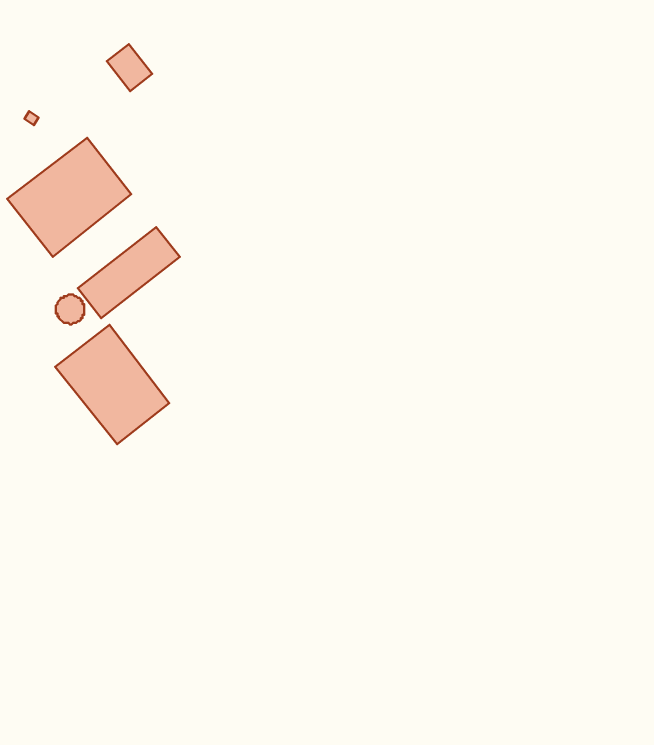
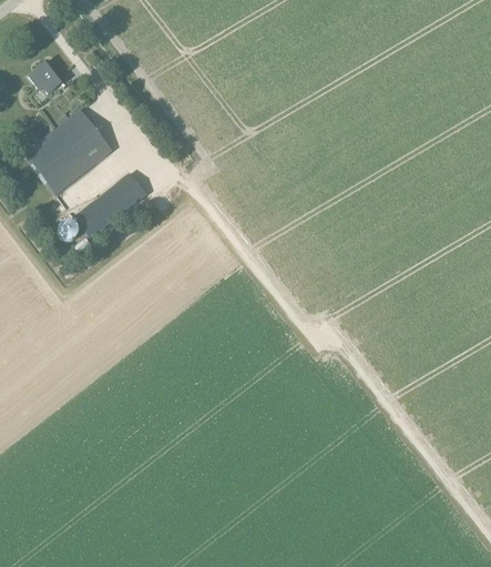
building: [107,44,152,91] -> [32,61,64,94]
building: [55,325,169,444] -> none

